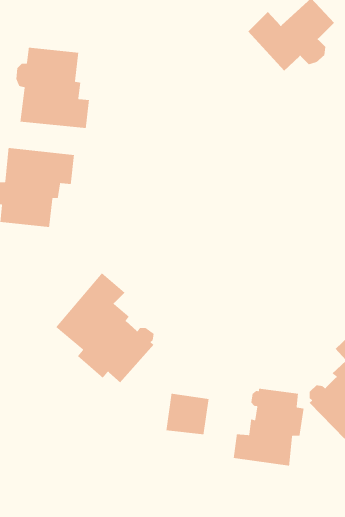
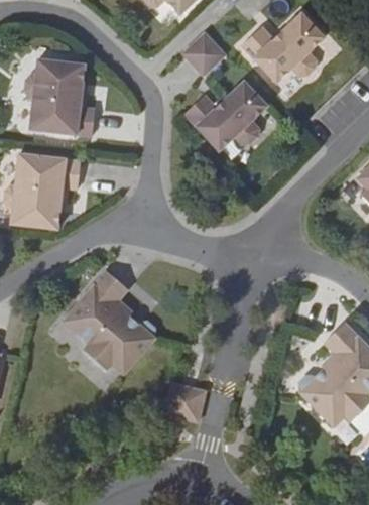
building: none -> [182,32,225,76]
building: none -> [184,82,267,151]
building: [233,388,305,467] -> none

